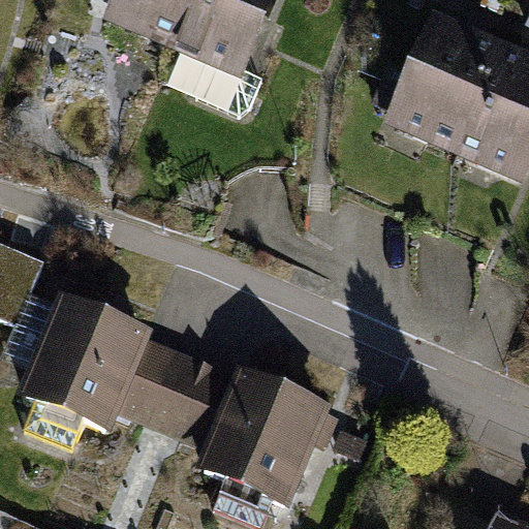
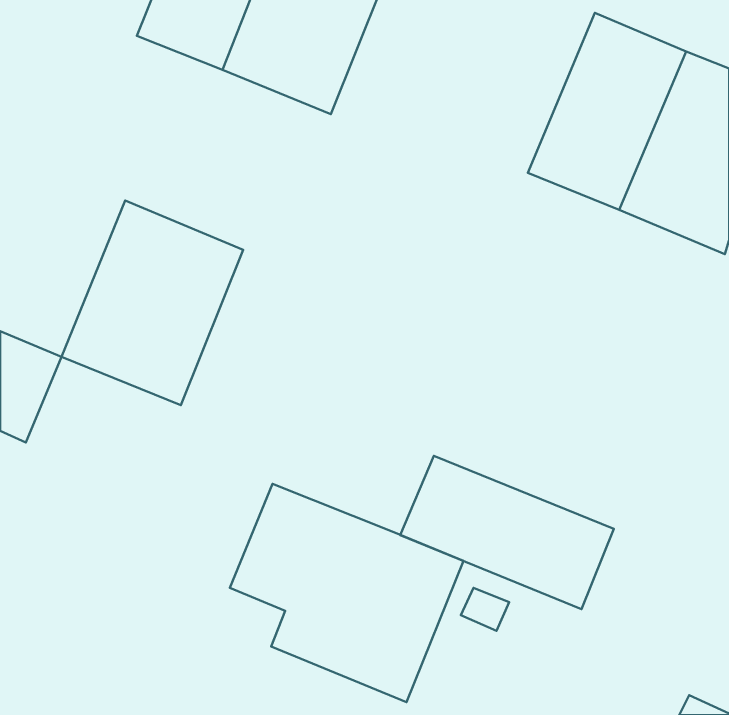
building: none -> [61,200,243,405]
building: [21,295,197,435] -> none
building: none -> [400,456,614,609]

